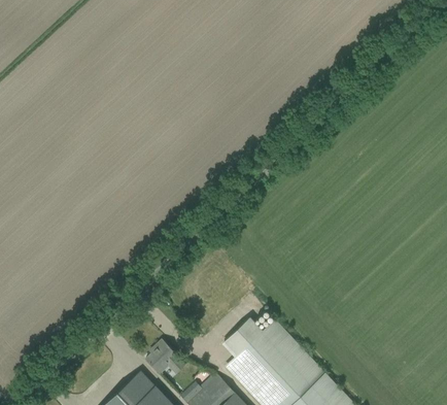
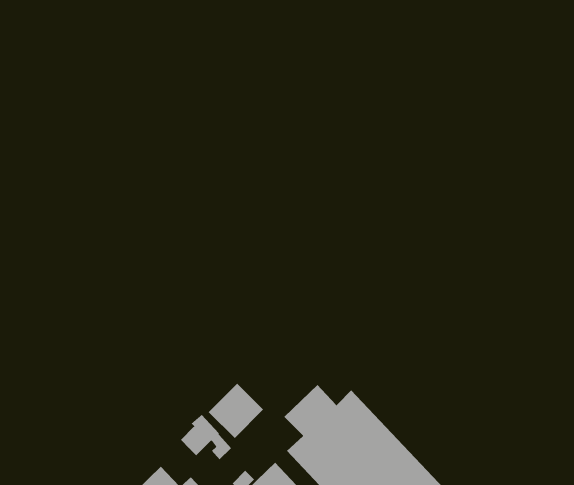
building: none -> [208,383,264,439]

